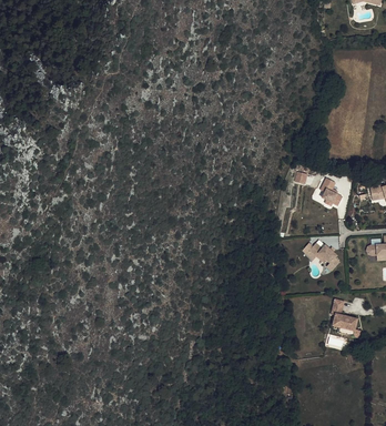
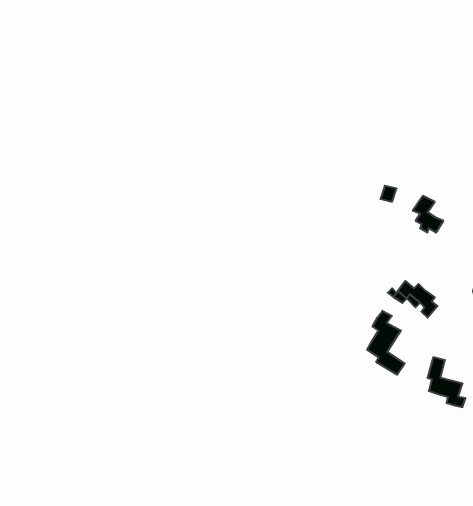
building: none -> [367,311,405,375]

